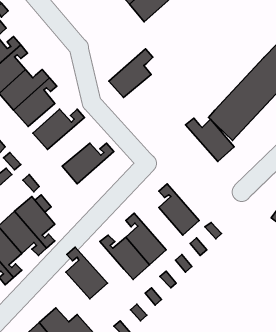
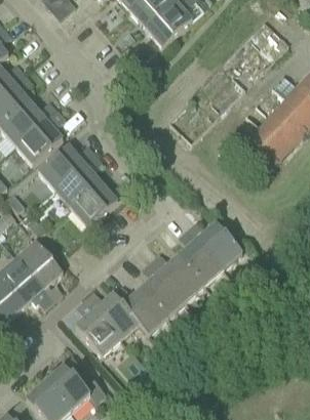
building: [109,49,153,98] -> [54,153,104,207]
building: [186,118,234,162] -> [188,219,242,267]
building: none -> [151,251,205,300]
building: none -> [85,289,140,337]

